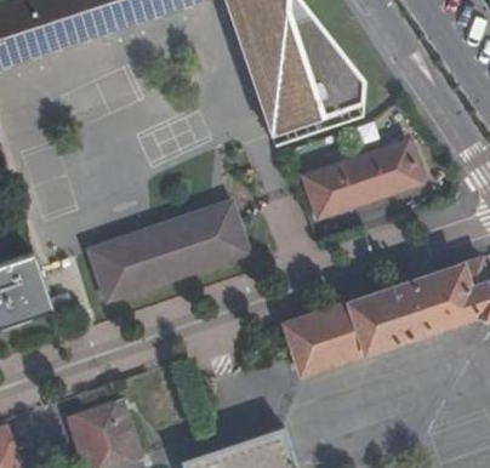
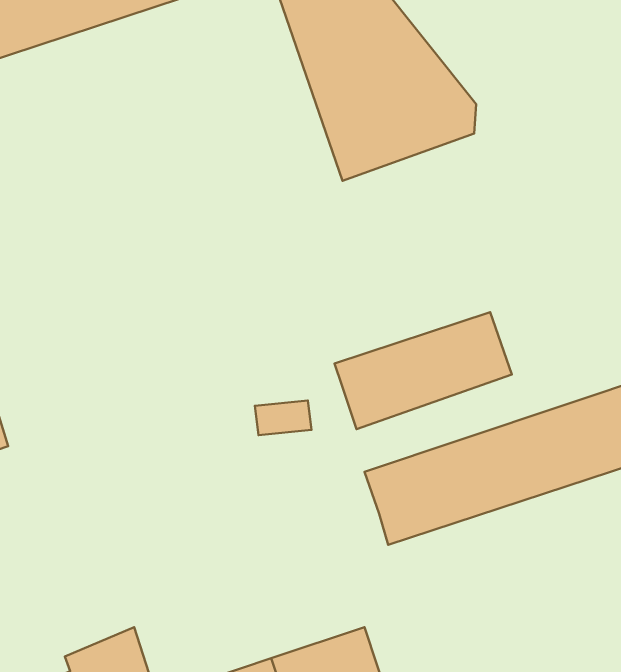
building: [304,142,422,219] -> [335,312,512,429]
building: [87,201,251,303] -> none
building: [68,403,132,447] -> none

